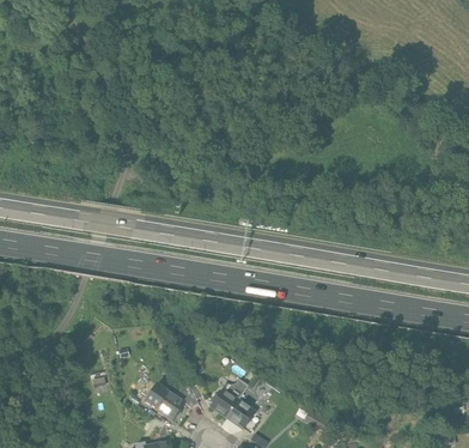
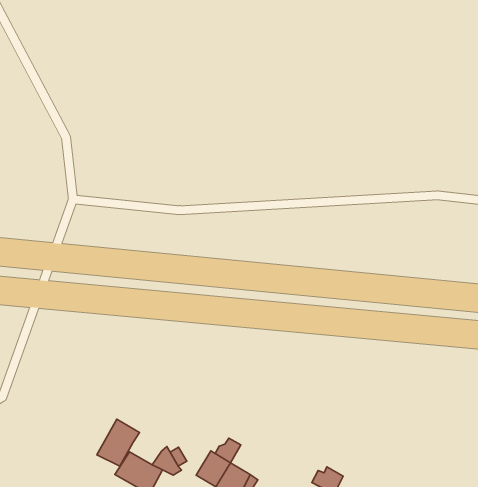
building: none -> [97,419,139,466]

